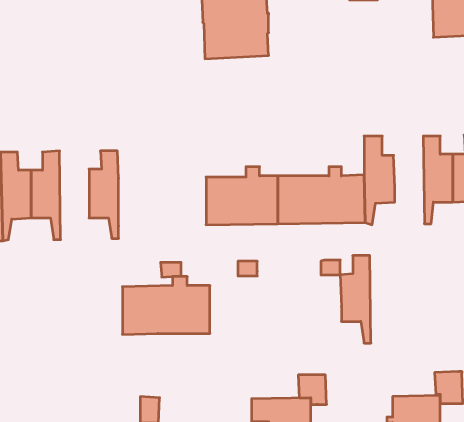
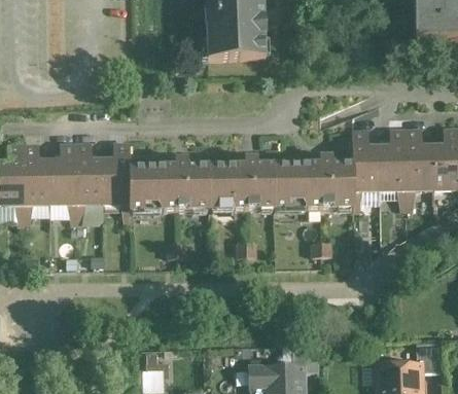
building: none -> [76,141,103,221]
building: [340,256,371,343] -> [379,128,407,207]
building: [122,277,210,334] -> [130,156,209,209]

